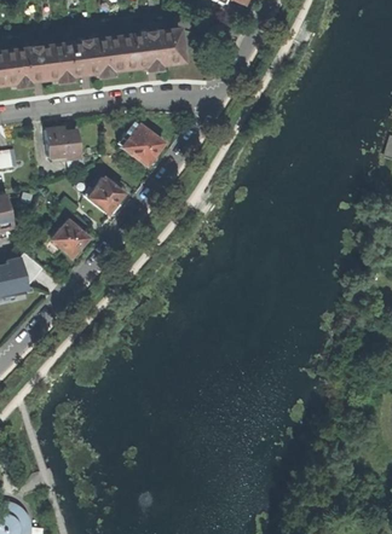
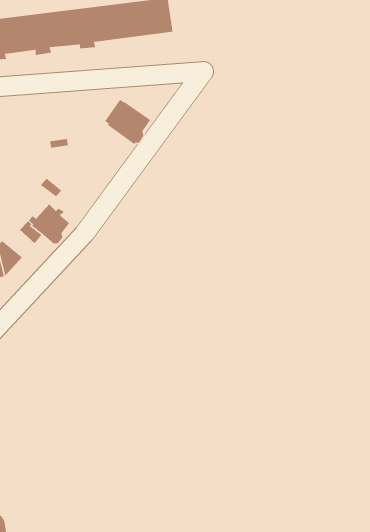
building: [46,128,81,158] -> none
building: [87,176,125,214] -> none

